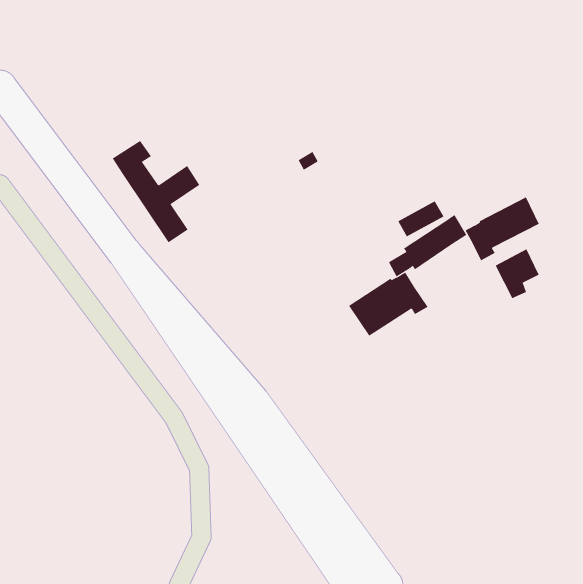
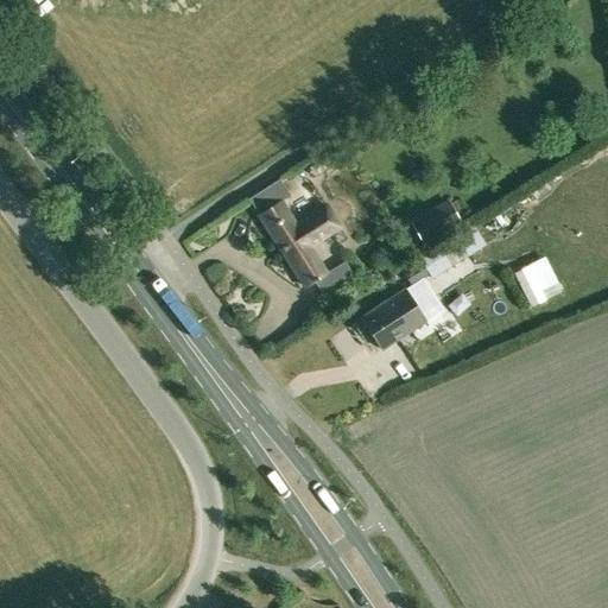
building: [112,140,200,243] -> [249,180,341,287]
building: [465,197,540,261] -> none

